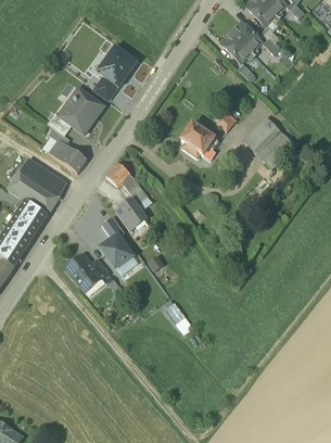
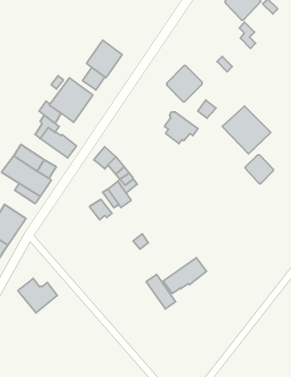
building: [221,24,259,62] -> [167,66,202,101]
building: none -> [245,155,273,184]
building: [10,207,42,238] -> none
building: [101,235,132,267] -> none
building: [66,254,109,291] -> [18,278,57,313]
building: none -> [163,258,207,293]

